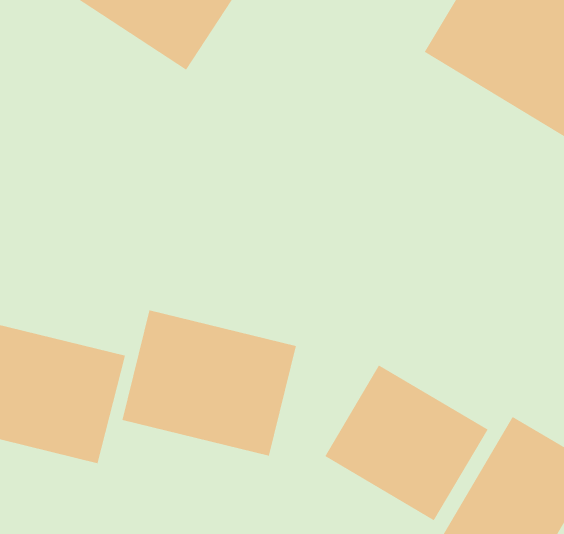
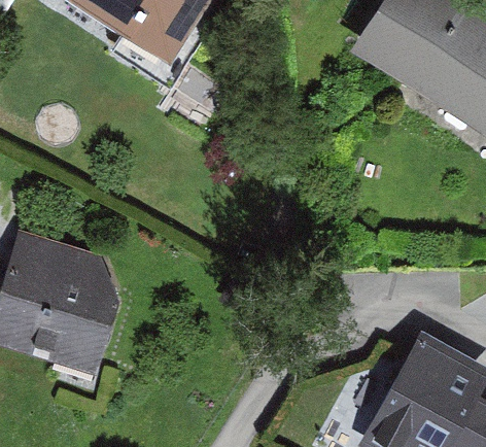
building: [122,310,297,456] -> none
building: [324,365,488,521] -> none

